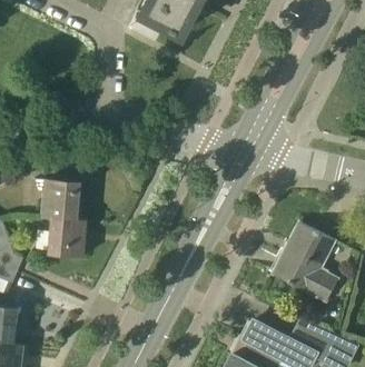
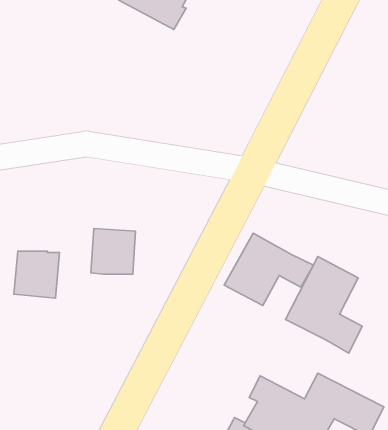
building: [42,180,79,218] -> [91,229,135,274]
building: none -> [224,233,313,306]

